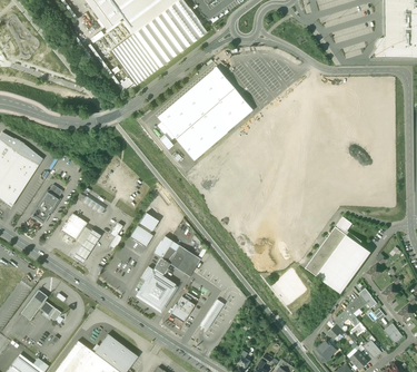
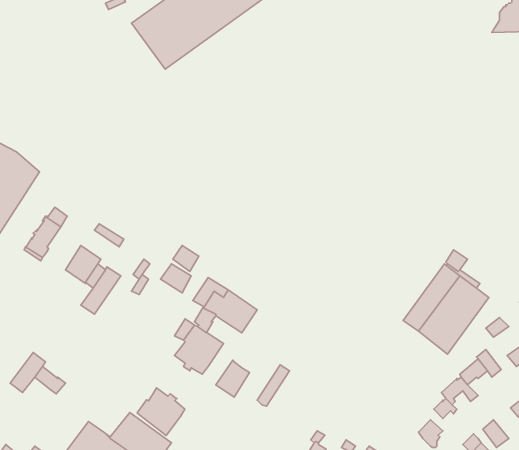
building: [156,68,252,160] -> none
building: none -> [137,388,185,435]

